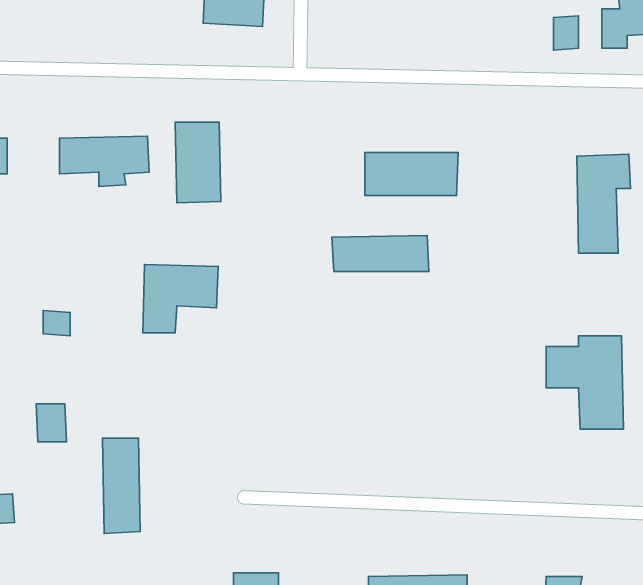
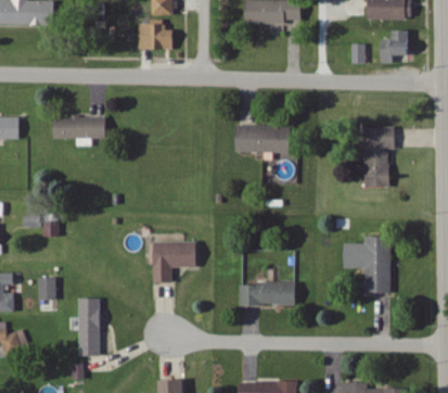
building: [175,122,221,203] -> none
building: [332,235,429,271] -> [239,283,297,305]
building: [143,265,218,333] -> [152,241,197,282]

